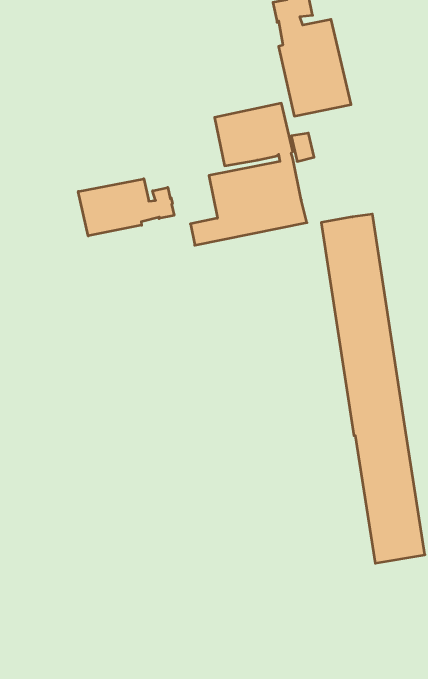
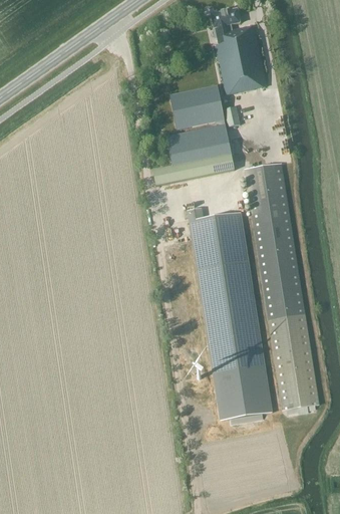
building: [78,179,174,236] -> none
building: none -> [189,208,273,419]

